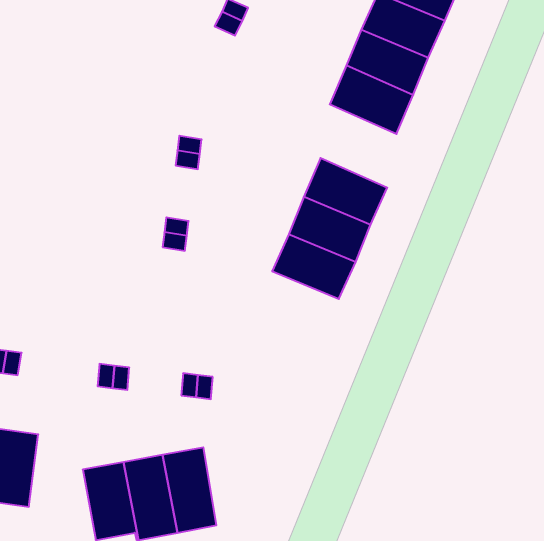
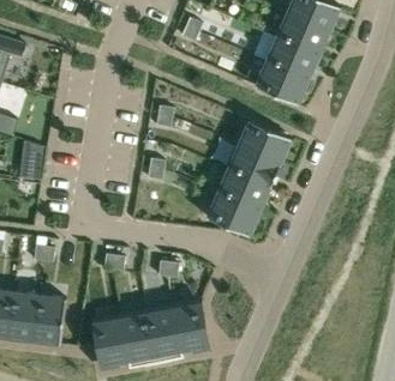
building: none -> [207,194,261,237]
building: none -> [173,303,208,358]

